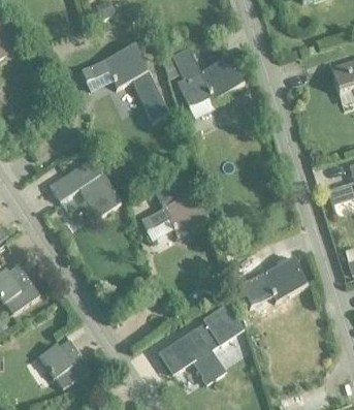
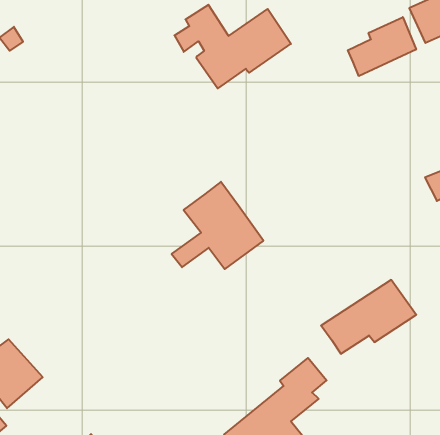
building: [82,45,166,120] -> none
building: none -> [348,17,416,76]
building: [49,158,122,219] -> none

